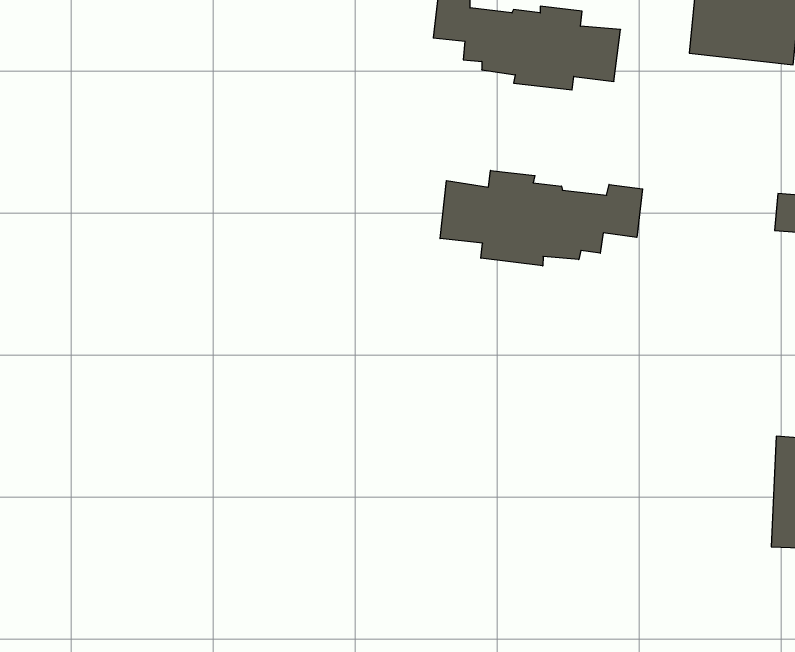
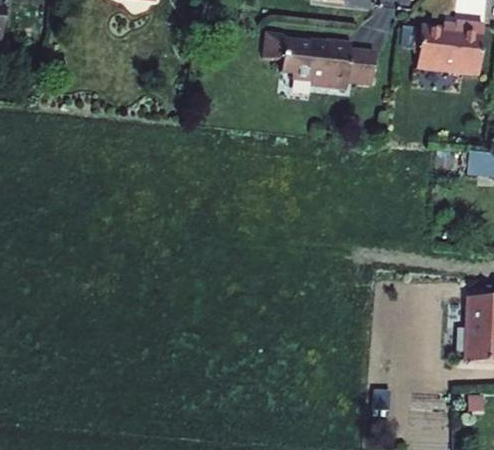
building: [440,170,643,266] -> none

